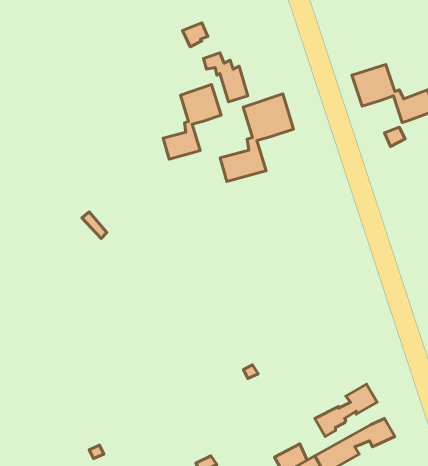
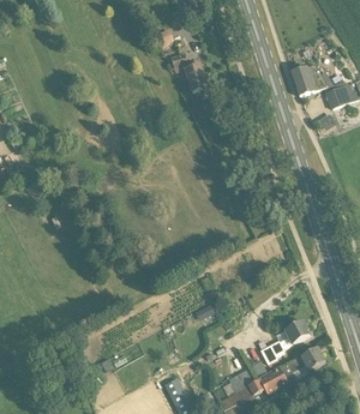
building: [163,85,221,159] -> none
building: [220,94,294,182] -> none

